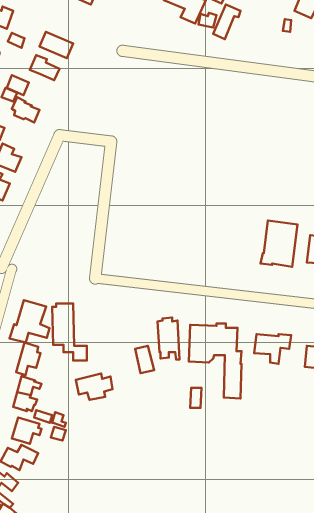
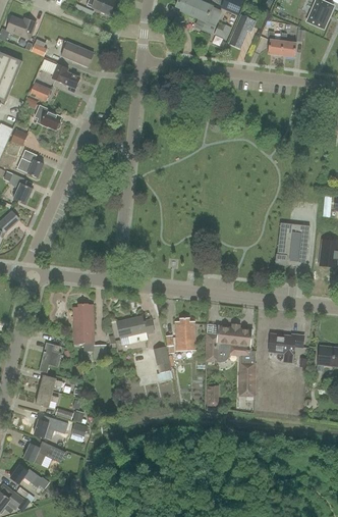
building: none -> [267,31,295,57]
building: [10,300,50,342] -> none
building: [76,373,113,400] -> [117,316,153,342]

